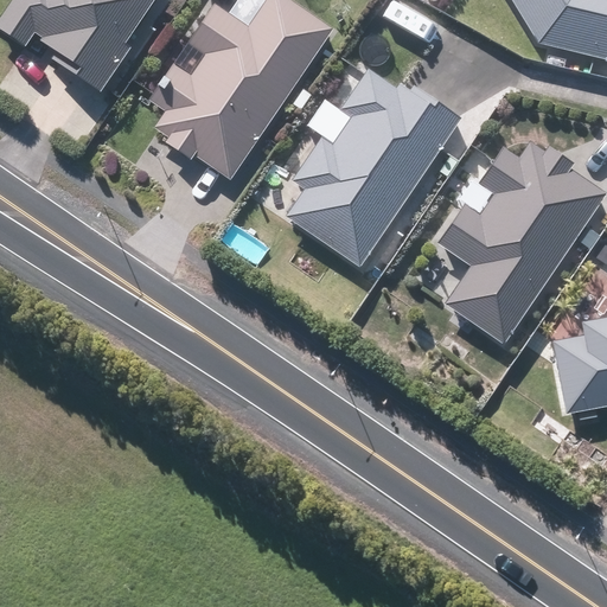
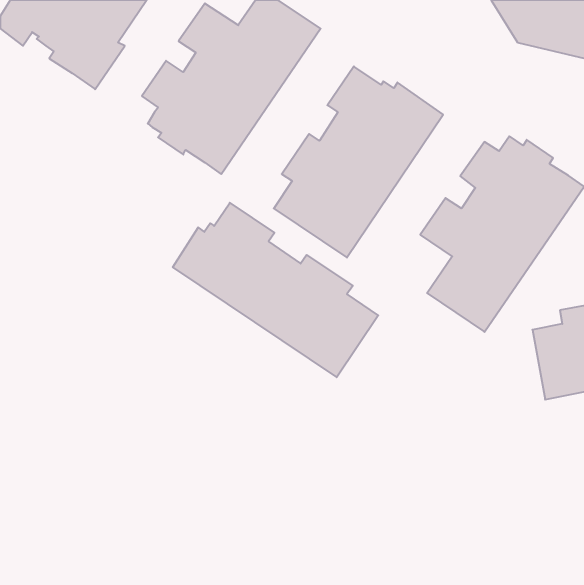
building: none -> [173,203,378,377]

